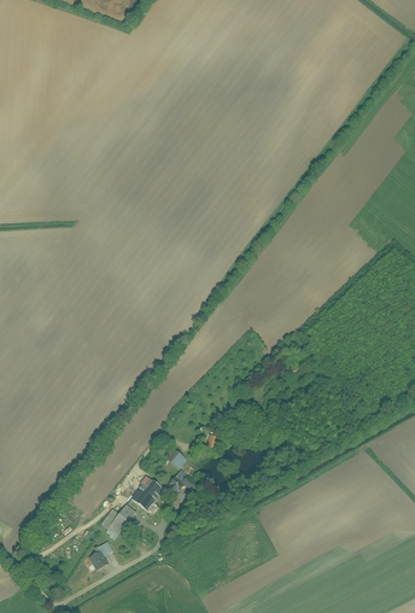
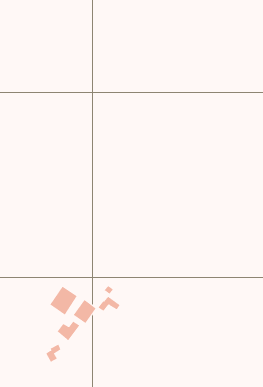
building: none -> [49,286,78,315]

